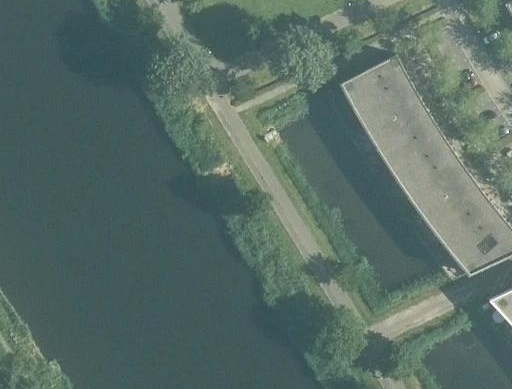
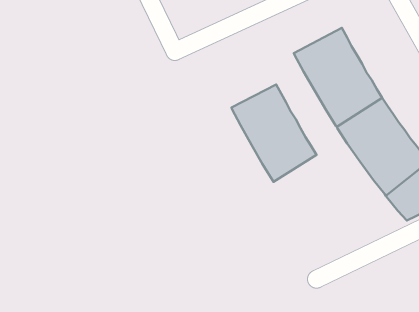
building: none -> [231,85,317,182]

